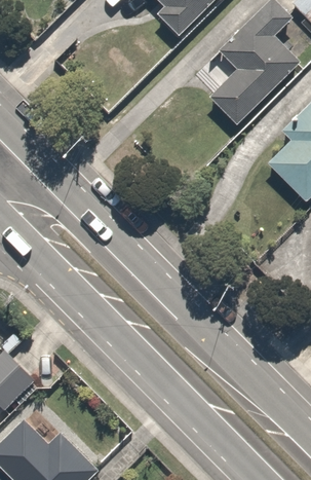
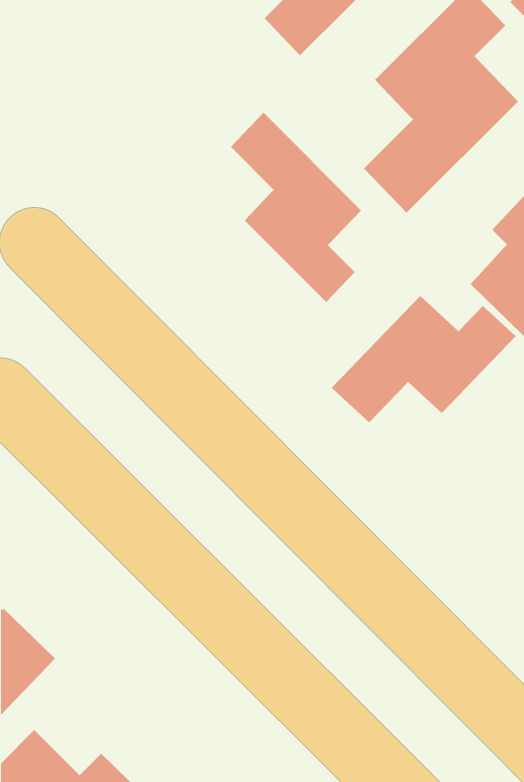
building: none -> [230,112,362,303]
building: none -> [331,295,517,423]

